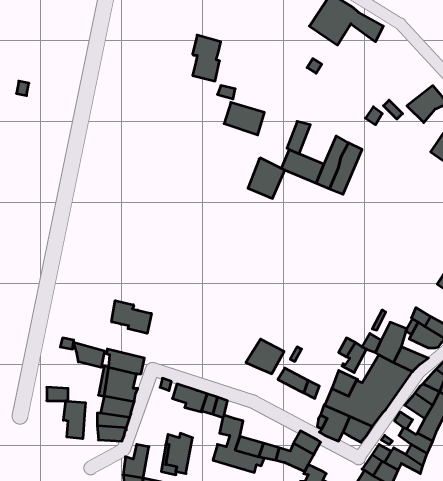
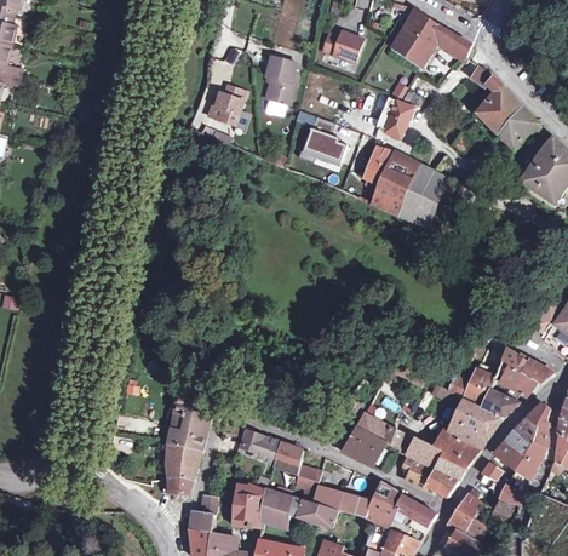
building: none -> [322,30,362,62]
building: none -> [472,67,524,131]
building: none -> [212,85,247,125]
building: none -> [375,96,414,138]
building: [248,158,285,198] -> [380,150,420,194]
building: [112,301,151,333] -> none
building: [246,339,284,374] -> [342,426,383,464]
building: [73,342,105,367] -> none
building: [63,401,85,439] -> none
building: none -> [260,488,292,528]
building: none -> [390,494,437,526]

